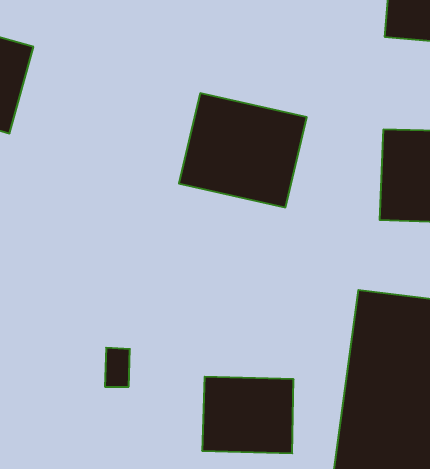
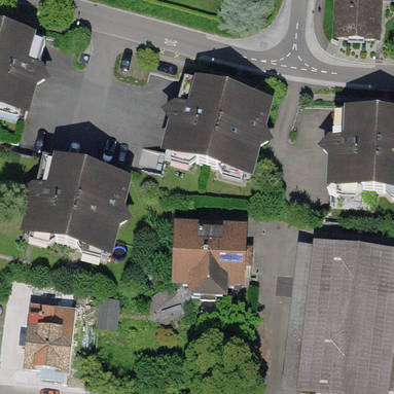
building: none -> [24,150,129,246]
building: none -> [23,287,96,370]
building: [202,377,294,453] -> [172,221,247,284]

